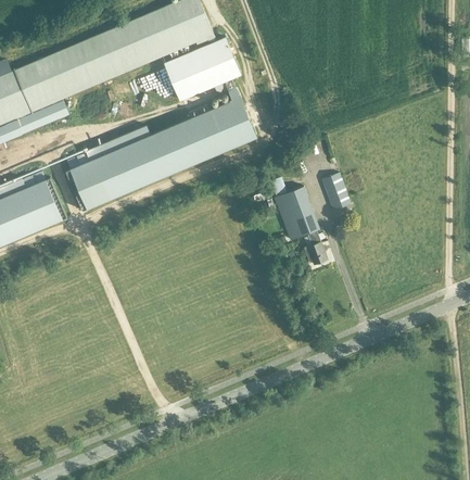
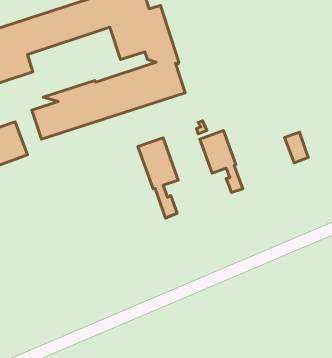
building: [321,174,351,212] -> [285,132,308,163]
building: none -> [138,138,178,218]

